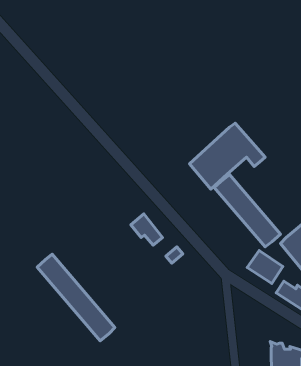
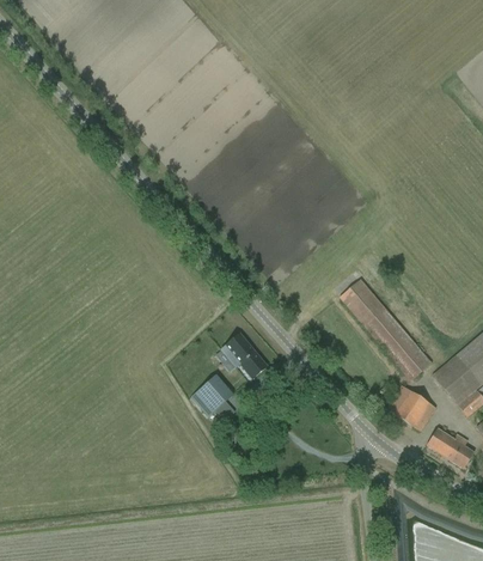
building: [189,123,265,189] -> none
building: none -> [191,374,233,416]
building: [37,254,115,341] -> none

